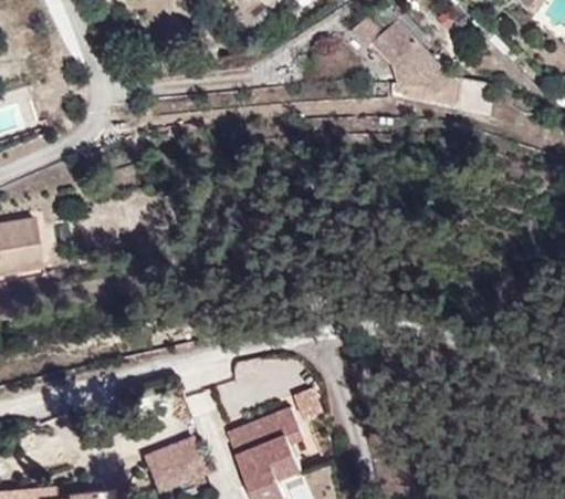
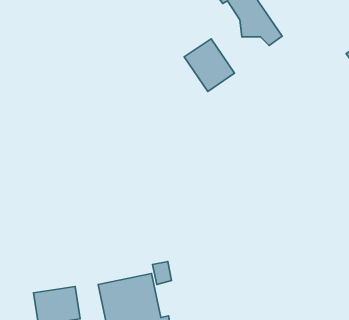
building: [427,69,469,107] -> none
building: none -> [184,39,235,91]

